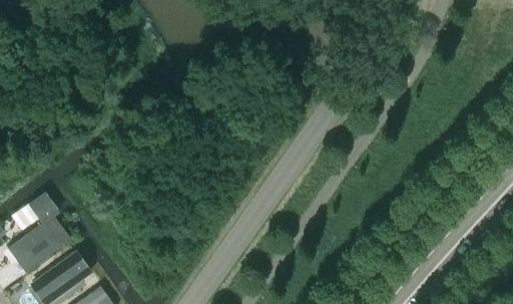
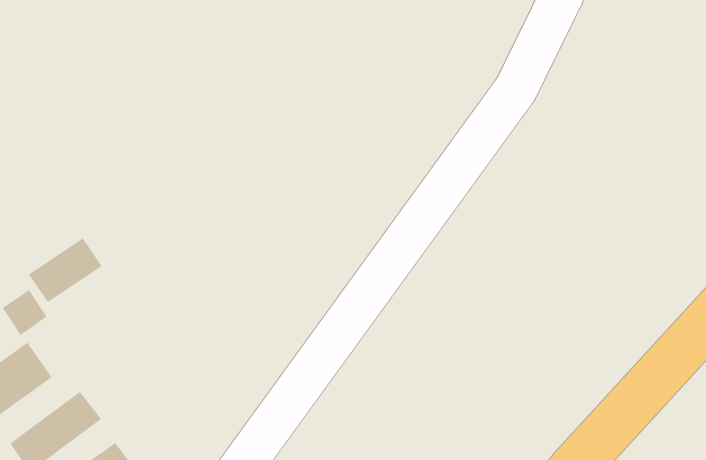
building: none -> [28,238,102,303]

